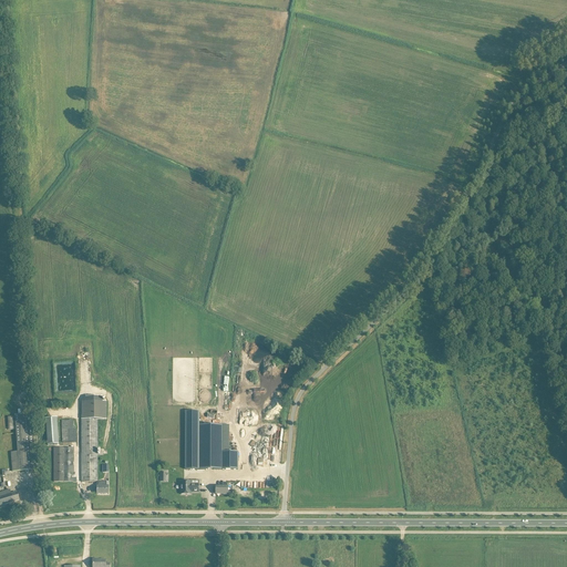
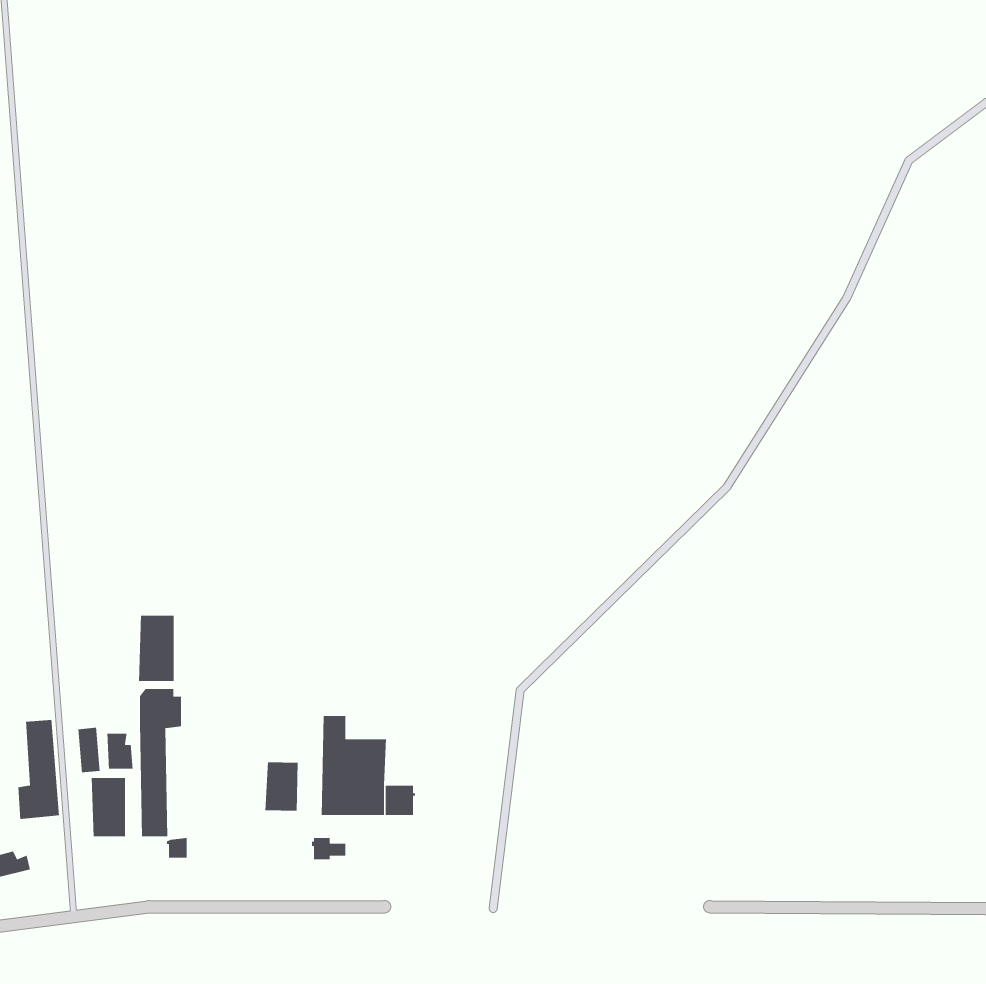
building: none -> [138,615,174,682]
building: none -> [264,762,298,811]

